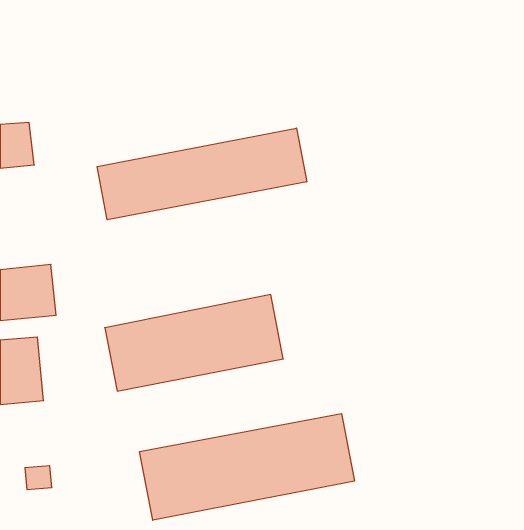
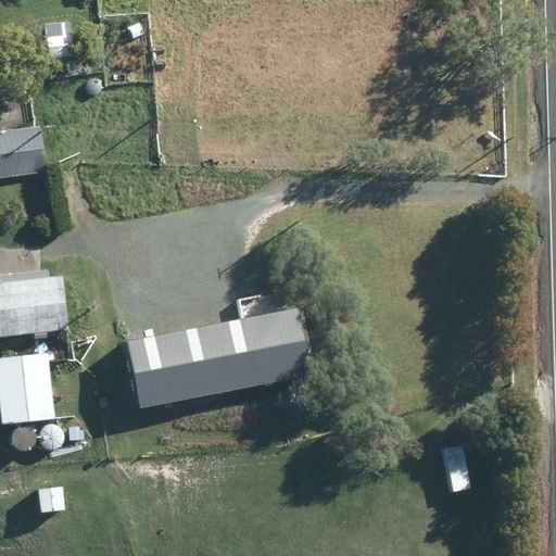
building: [97,128,307,220] -> none
building: [139,414,354,520] -> none

